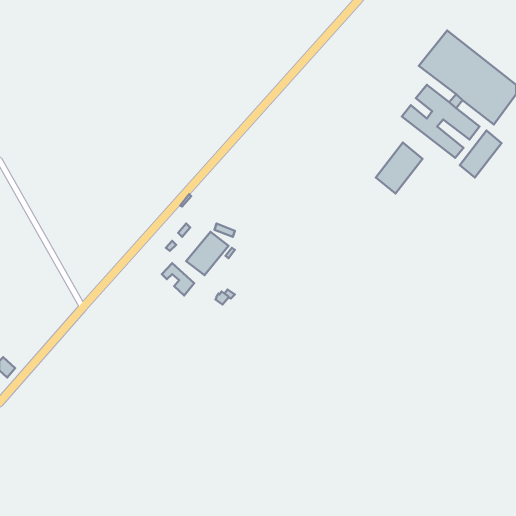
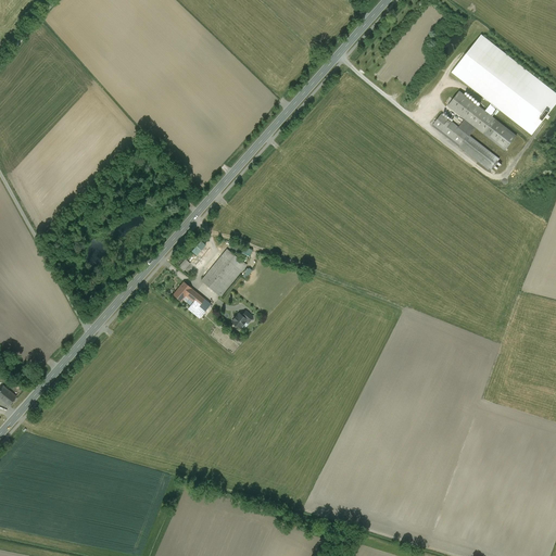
building: [460,131,502,178] -> none
building: [376,143,422,194] -> none

